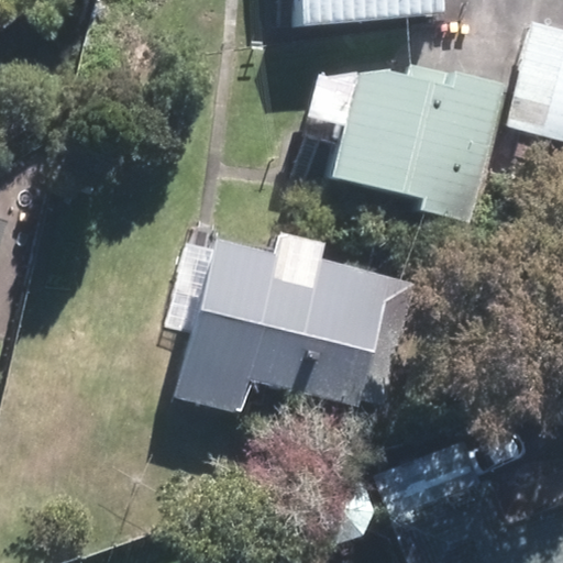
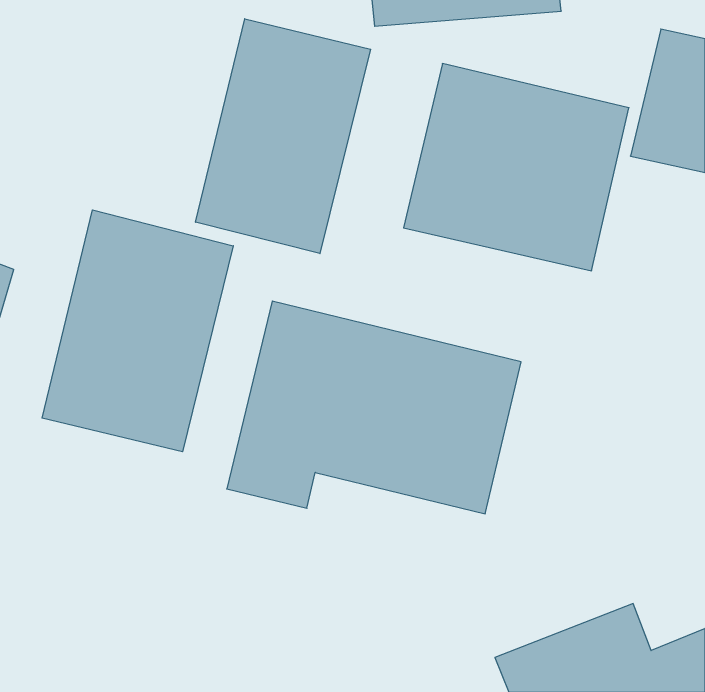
building: none -> [196,19,371,254]
building: none -> [42,210,233,452]

